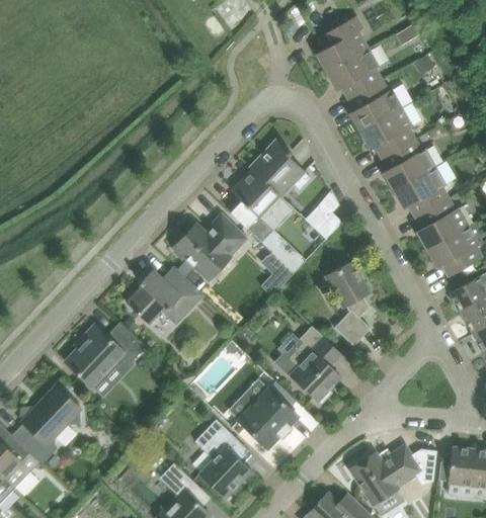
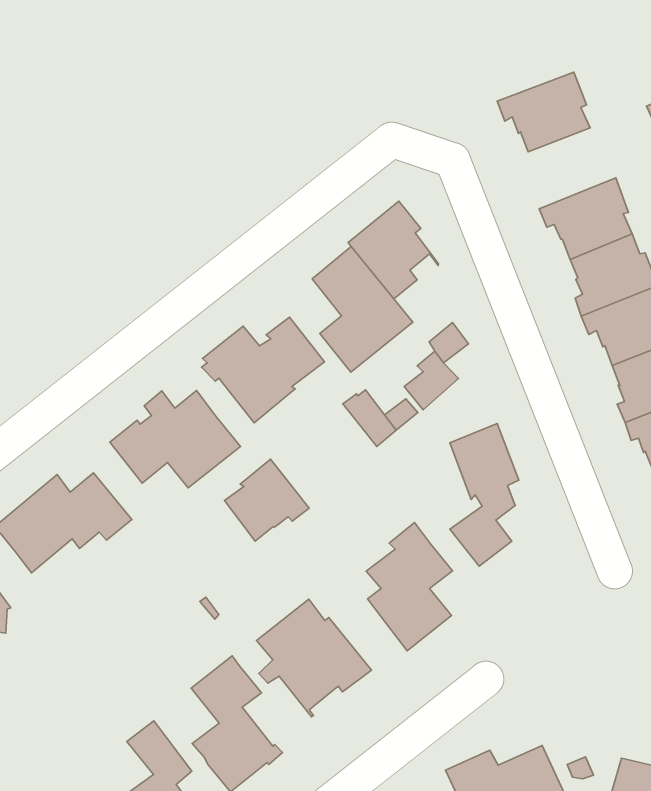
building: [318,16,369,72] -> none
building: [348,80,402,132] -> none
building: none -> [224,459,309,541]

